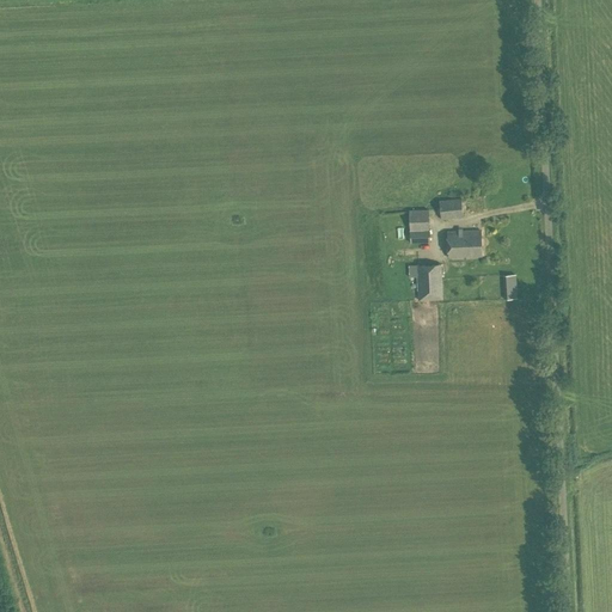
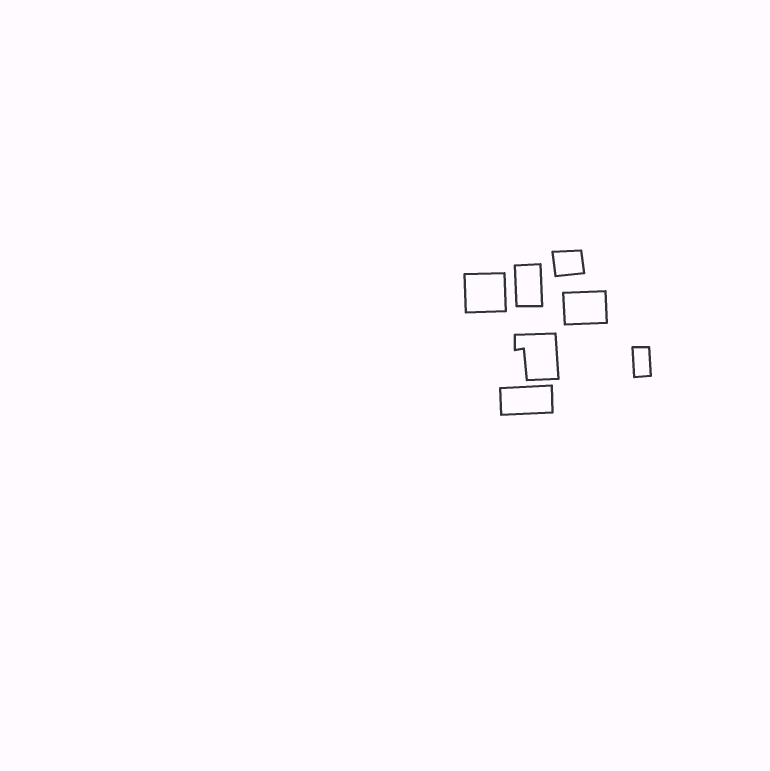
building: none -> [465,273,506,312]
building: none -> [500,386,553,415]

